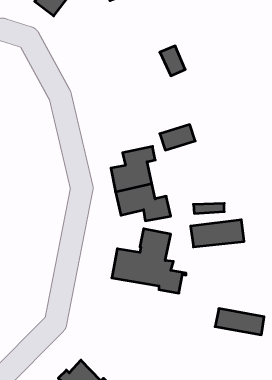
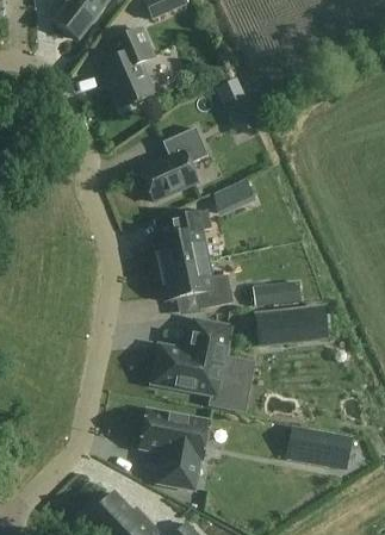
building: none -> [99,29,153,107]
building: none -> [141,126,209,199]
building: none -> [141,410,209,489]

